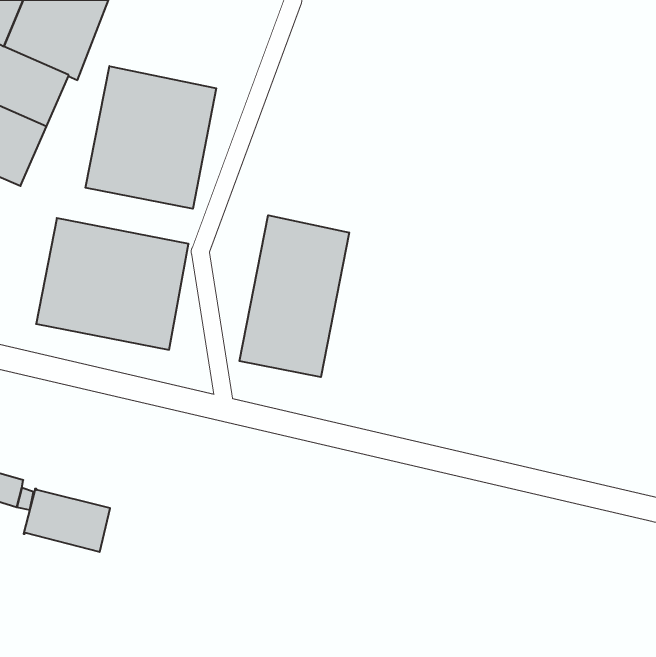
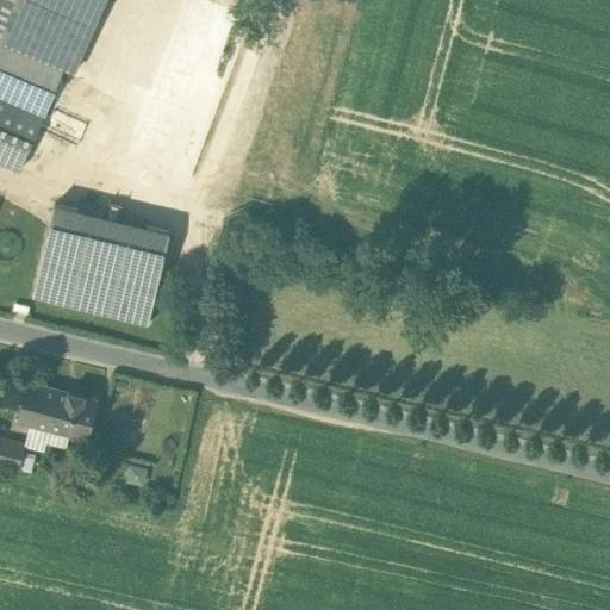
building: [85,66,216,209] -> none
building: [239,215,349,377] -> none
building: [24,489,110,552] -> [14,382,94,441]

